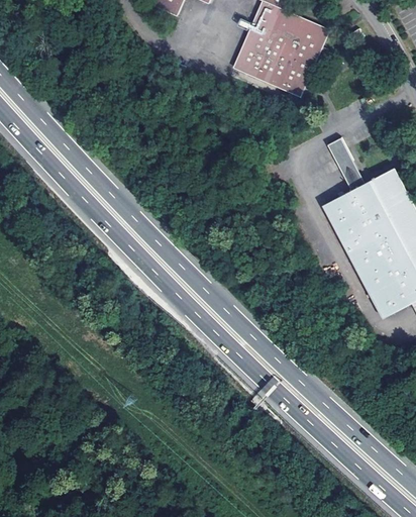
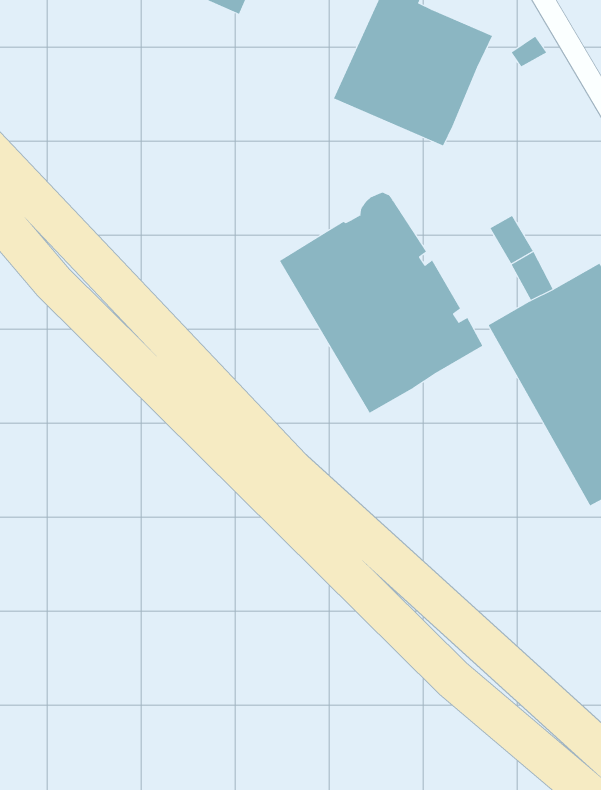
building: none -> [279,192,483,414]

